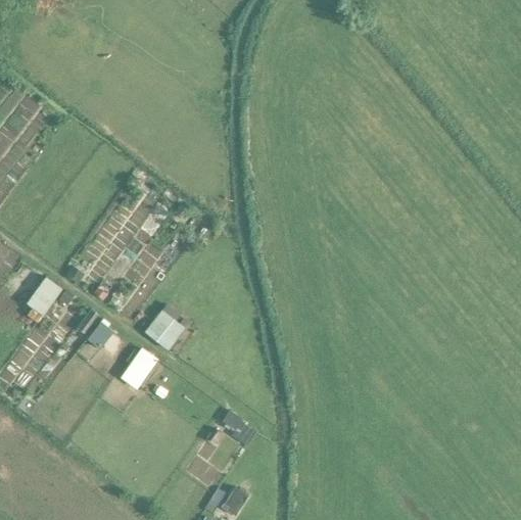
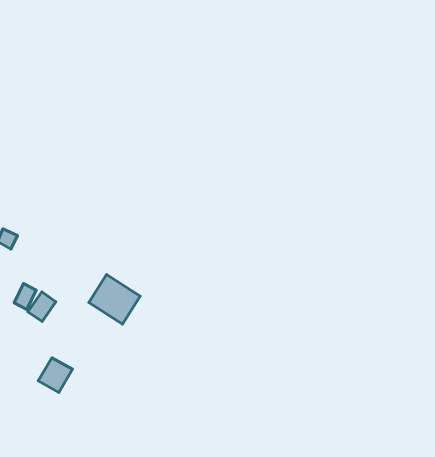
building: [123,349,155,382] -> [38,358,73,392]

